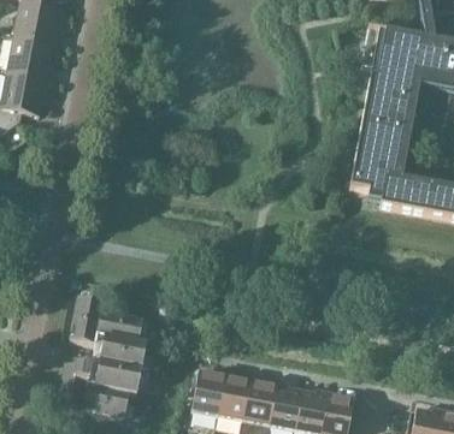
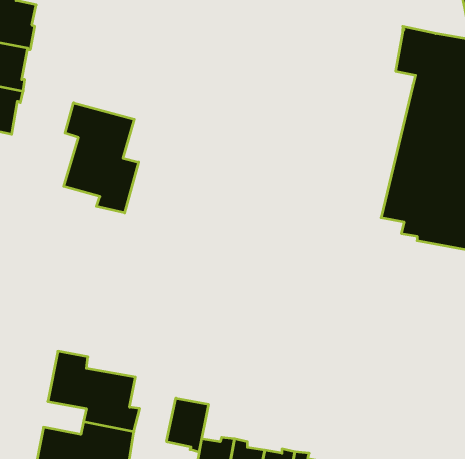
building: none -> [64,103,139,213]
building: none -> [167,398,208,452]

